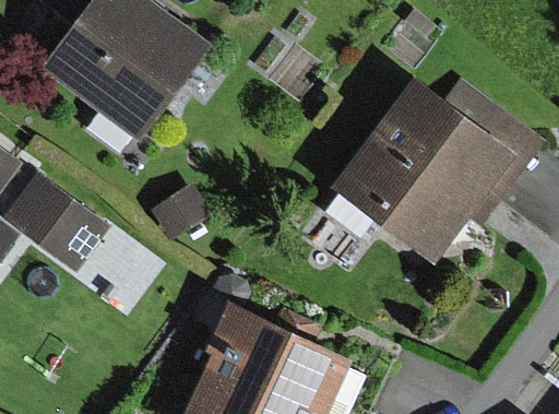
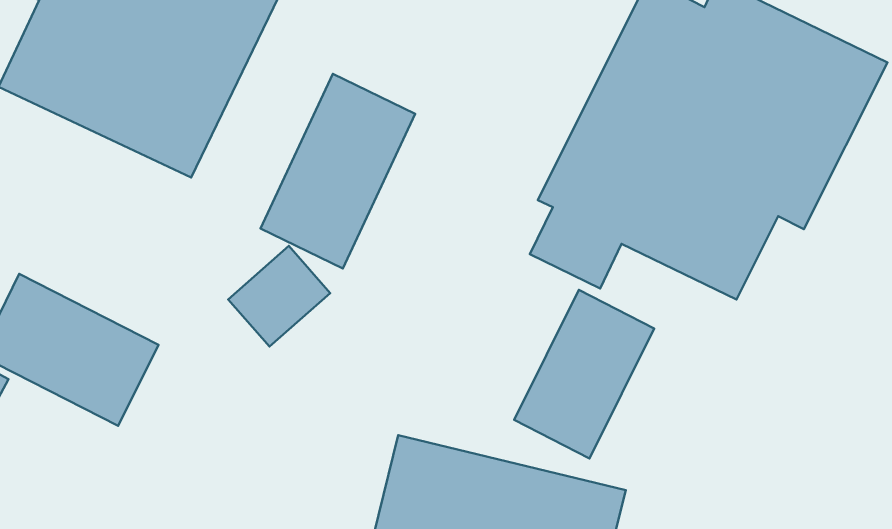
building: none -> [260,74,415,268]
building: none -> [514,290,654,459]

